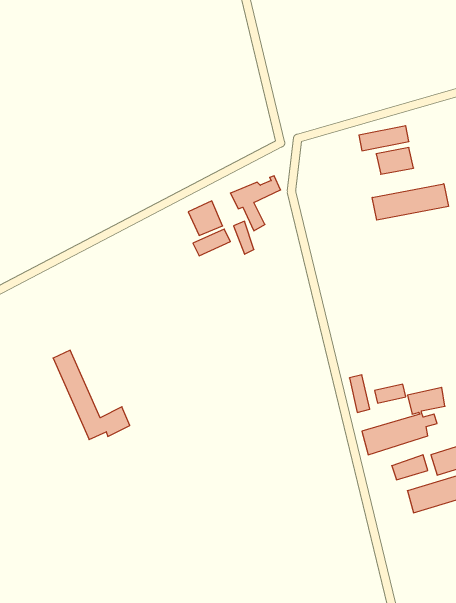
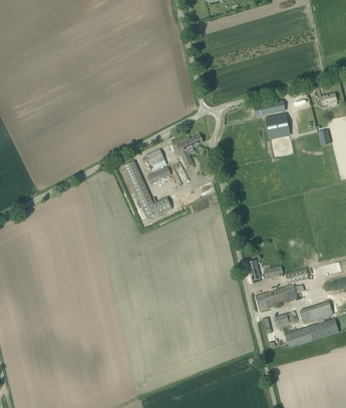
building: [372,184,448,220] -> none
building: [53,350,130,440] -> [122,160,171,218]

